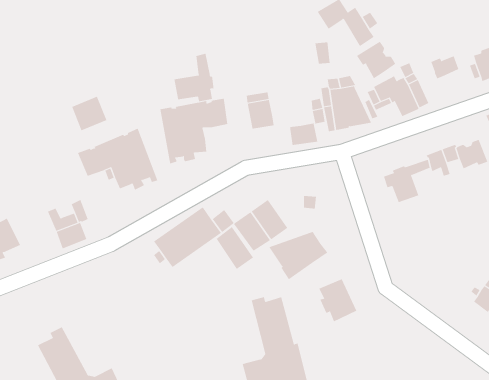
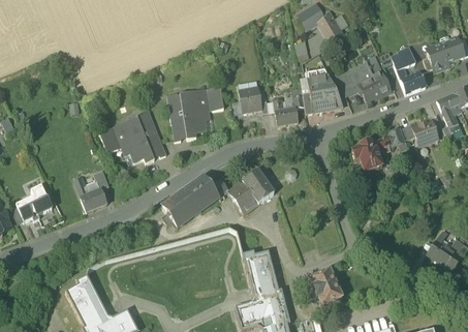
building: [356,41,395,79] -> none
building: [174,53,214,102] -> none
building: none -> [397,67,427,94]
building: [71,96,107,131] -> none
building: [216,226,254,270] -> none
building: [268,231,328,280] -> none
building: [318,278,357,322] -> [310,271,342,307]

